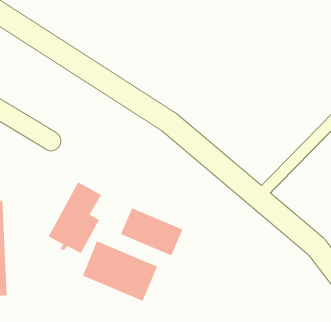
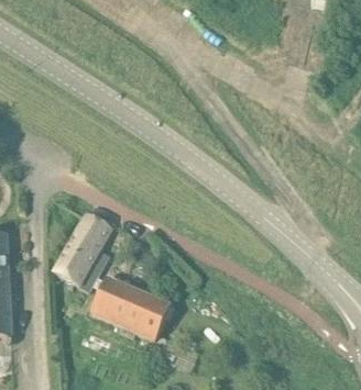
building: [120,208,183,256] -> none

